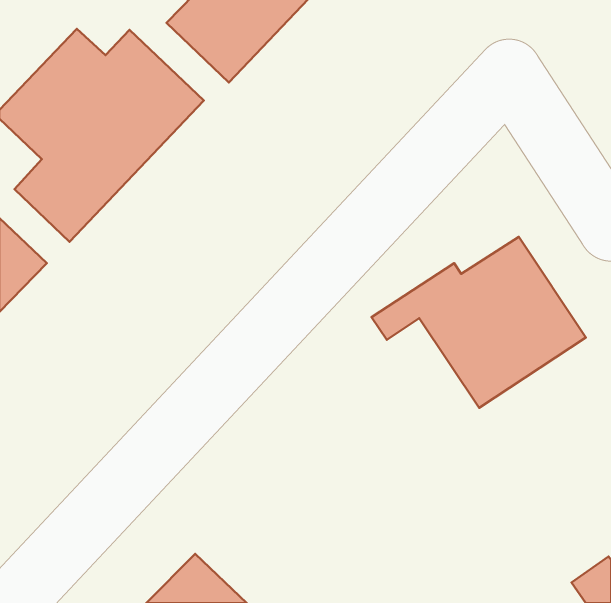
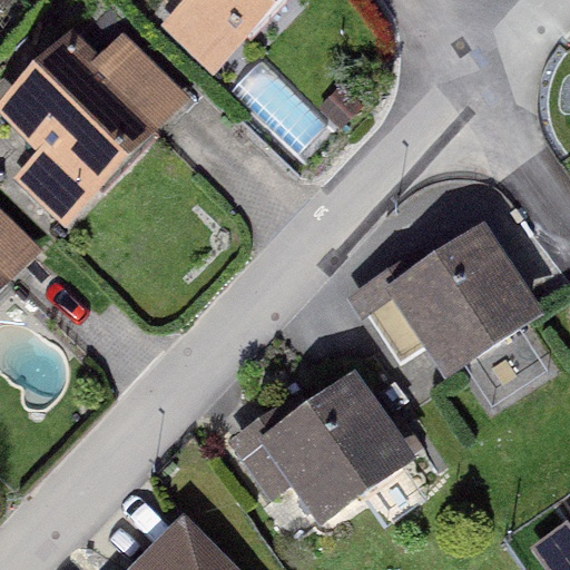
building: none -> [225,371,416,527]

